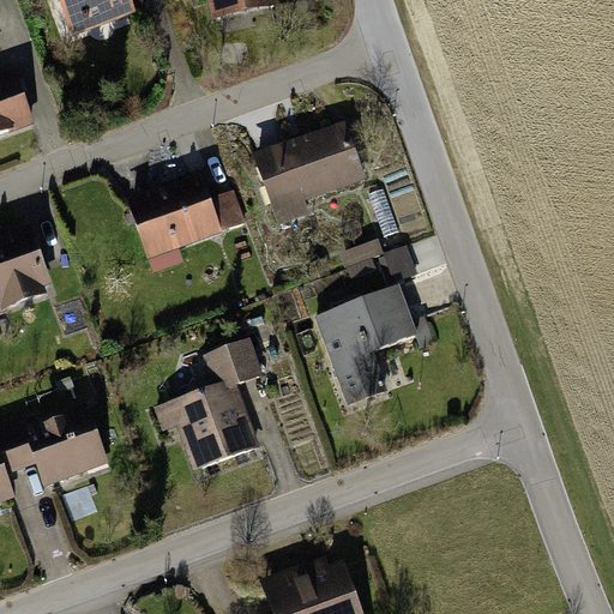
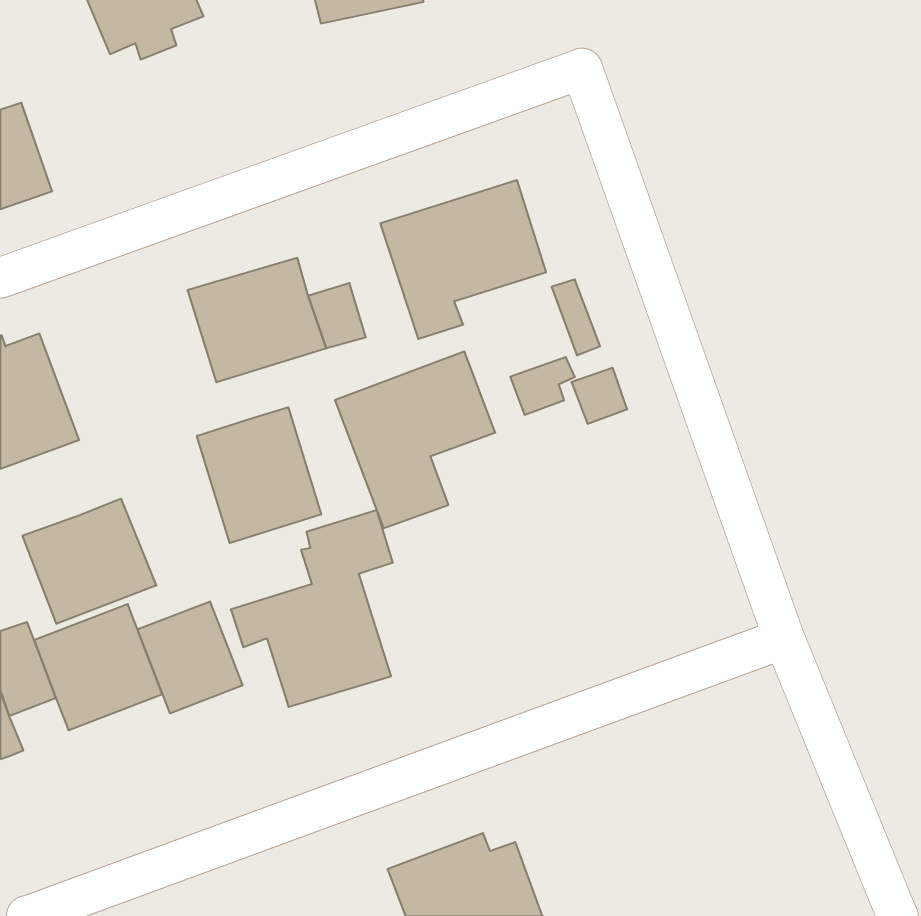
building: none -> [197,407,321,543]
building: [312,285,419,403] -> [335,352,495,528]
building: none -> [23,499,156,624]
building: none -> [138,601,243,713]

